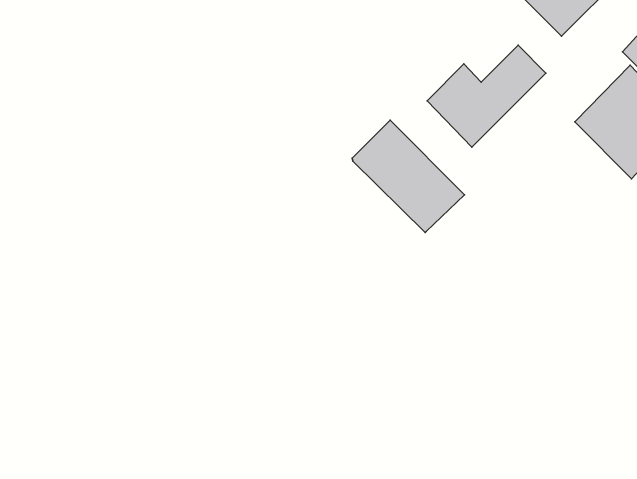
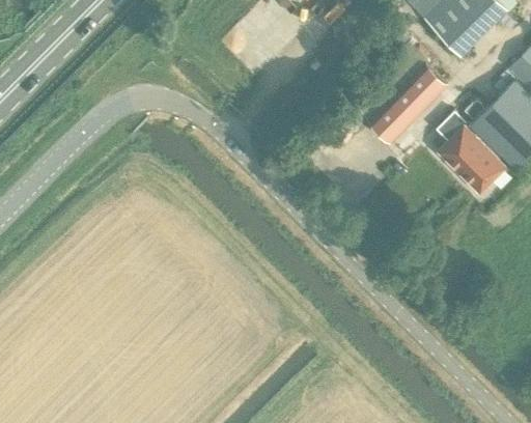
building: none -> [438,112,506,195]
building: [352,120,465,232] -> none

